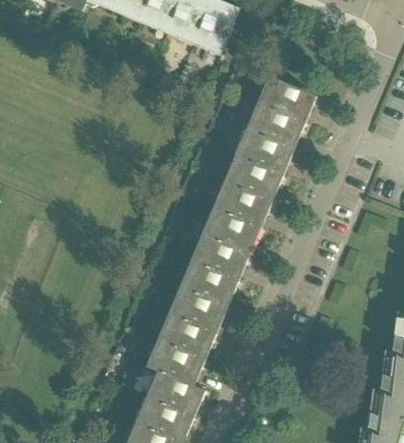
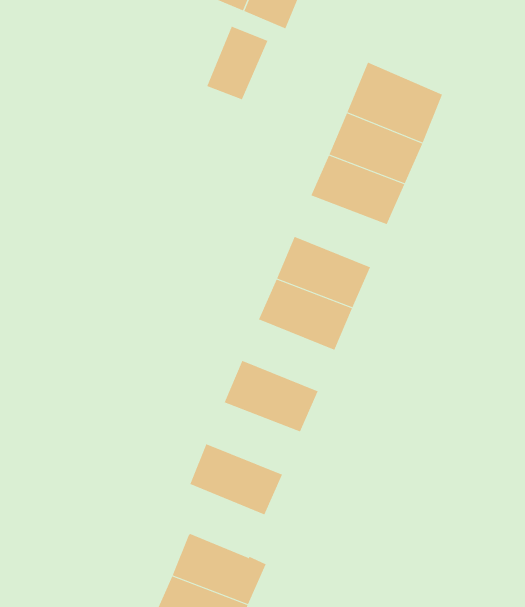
building: none -> [206,26,268,100]
building: [223,159,281,204] -> none
building: [190,236,248,281] -> none
building: [168,288,227,333] -> none
building: [147,339,205,385] -> none

